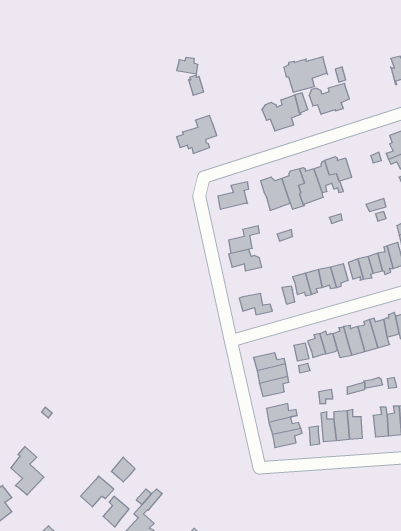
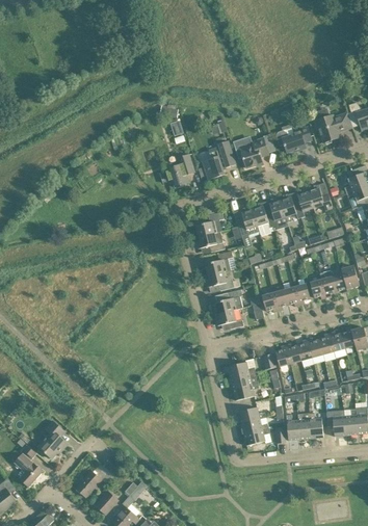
building: [284,57,328,92] -> [313,111,351,142]
building: none -> [202,140,235,180]
building: none -> [308,182,332,210]
building: none -> [195,231,224,252]
building: none -> [214,289,242,313]
building: none -> [37,420,68,458]

